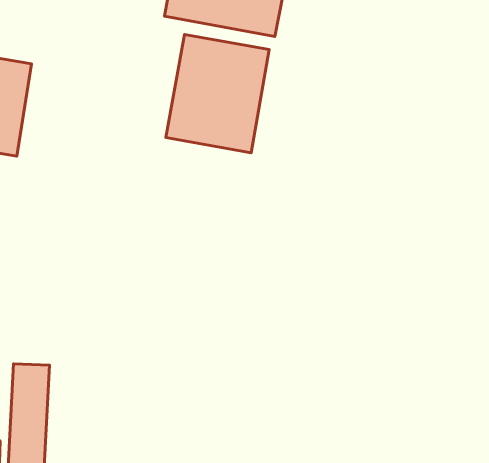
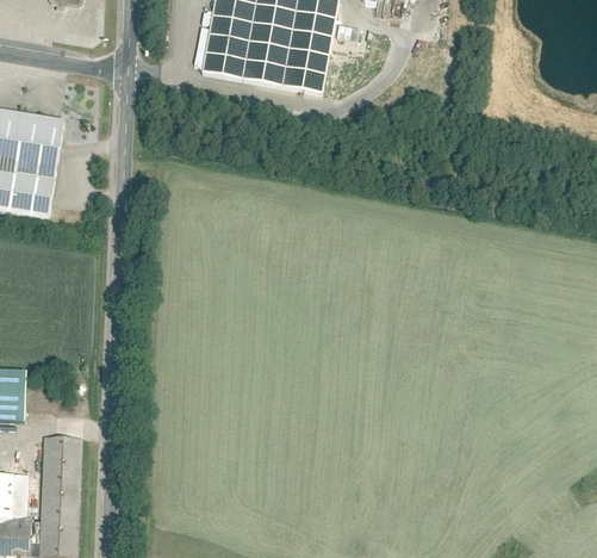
building: [166,34,269,153] -> none

